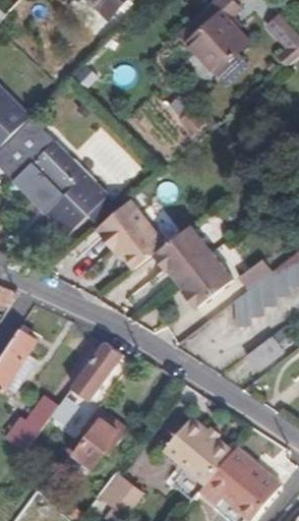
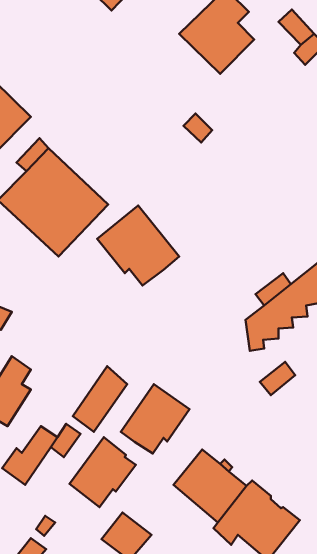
building: [154,223,235,307] -> none
building: none -> [121,384,190,453]

